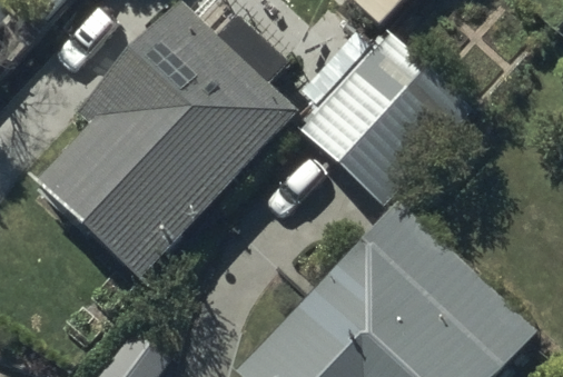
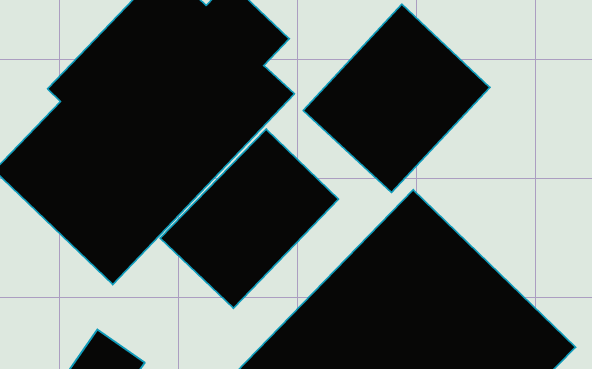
building: none -> [160,129,338,308]

